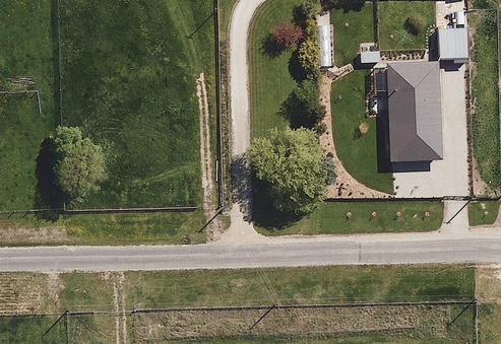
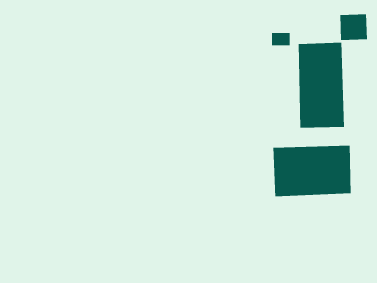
building: none -> [273,145,351,197]

